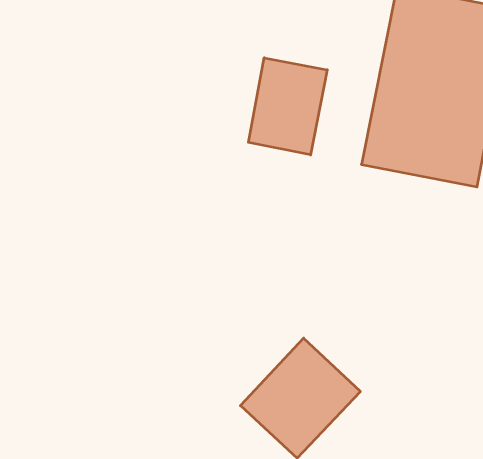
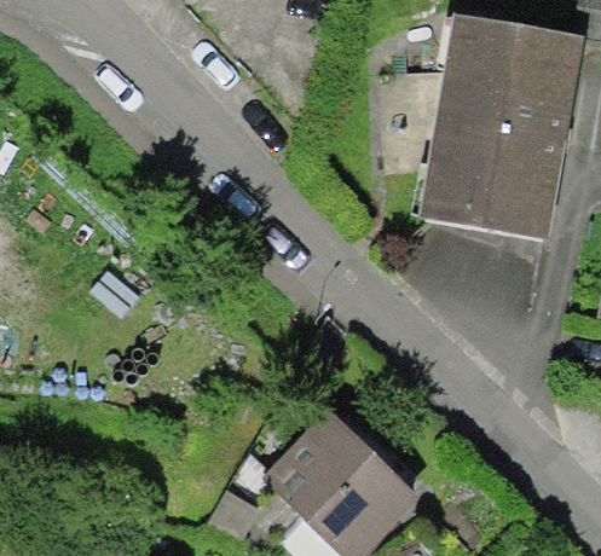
building: [248,58,327,155] -> none

